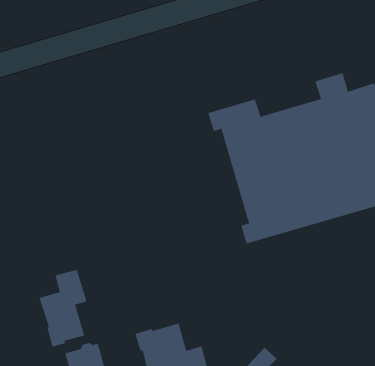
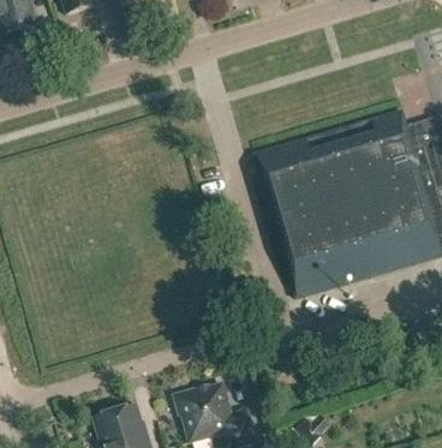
building: [39,269,87,348] -> none

